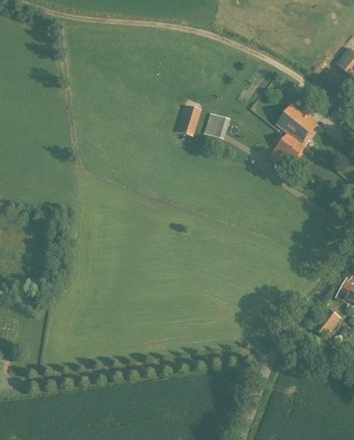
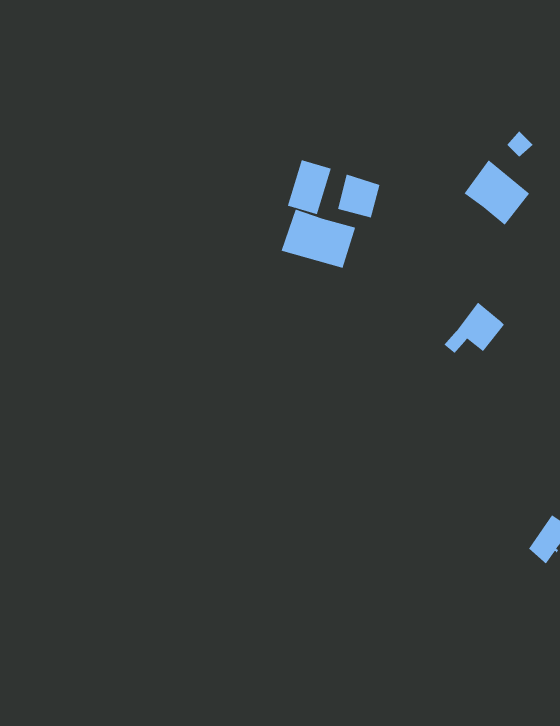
building: [269,132,304,162] -> [444,302,505,354]
building: none -> [280,208,356,269]

